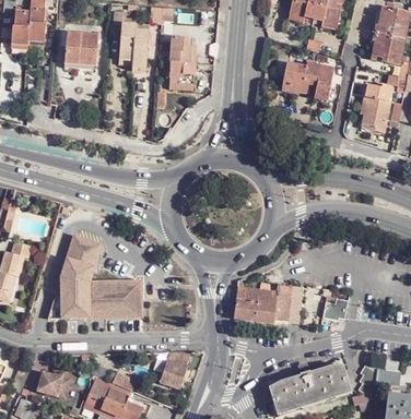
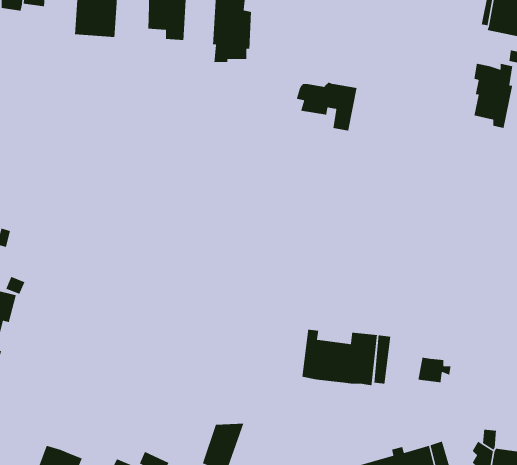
building: [289,62,334,99] -> [296,82,357,132]
building: [47,234,141,318] -> none

